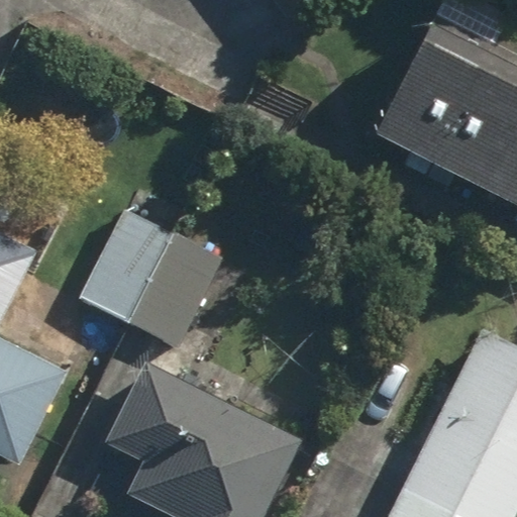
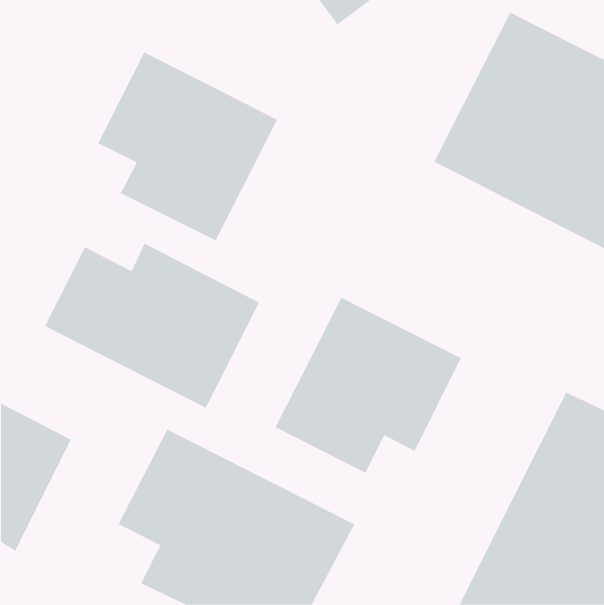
building: none -> [97,52,278,241]
building: none -> [275,297,462,474]

